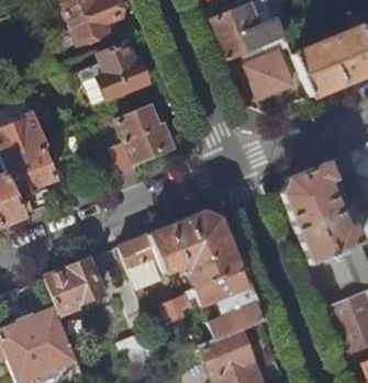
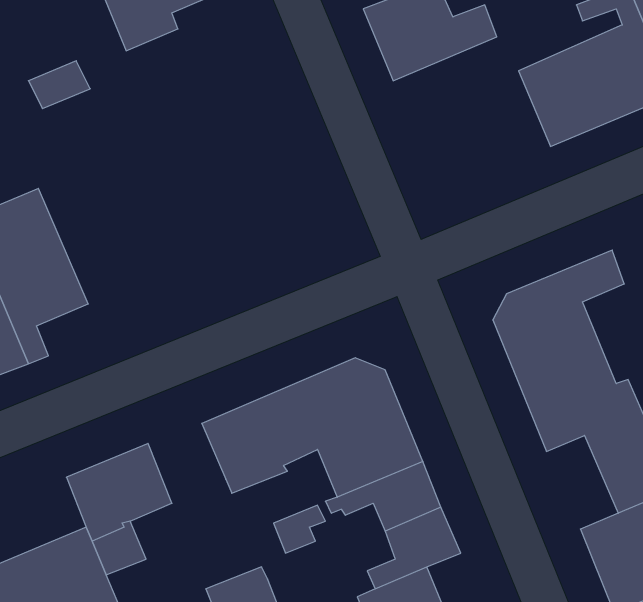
building: [81,43,148,104] -> none
building: [247,52,292,98] -> none
building: [110,106,172,174] -> none

